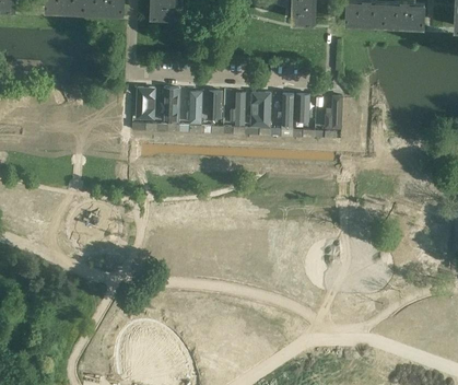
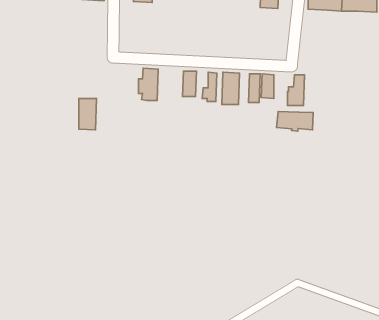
building: [136,91,155,126] -> [79,99,96,130]
building: [186,94,202,128] -> none
building: none -> [276,112,313,131]

